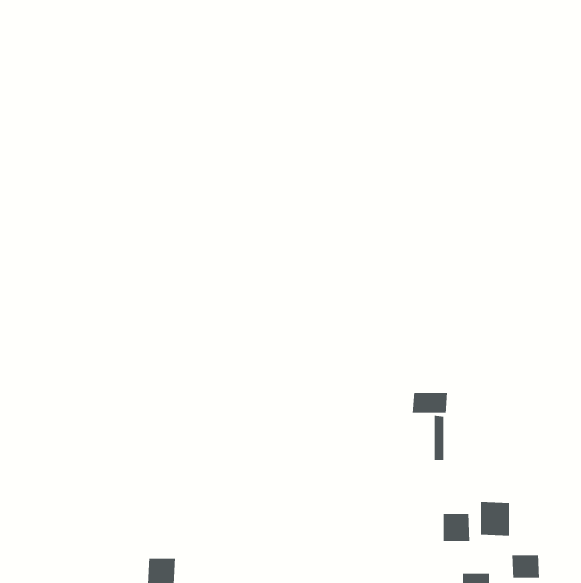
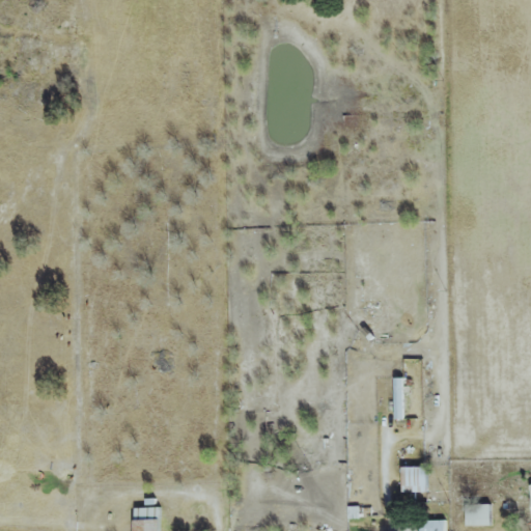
building: [412,392,448,413] -> none
building: [480,501,510,537] -> none

